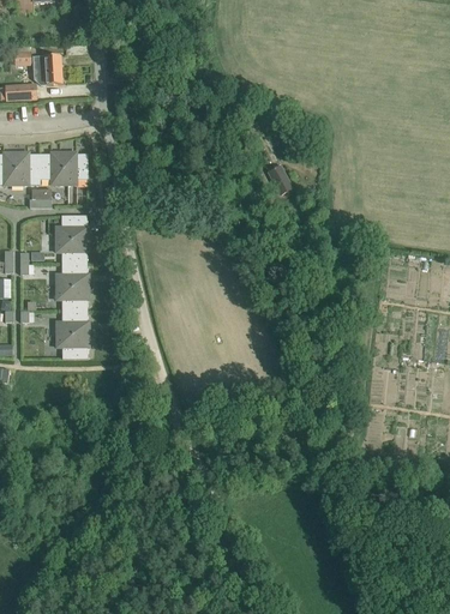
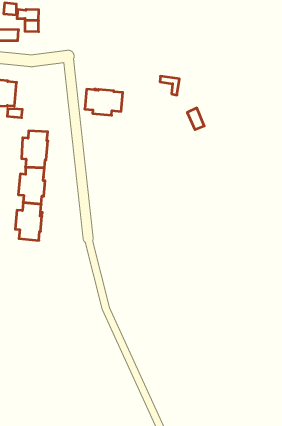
building: [41,151,89,183] -> [85,89,123,115]

